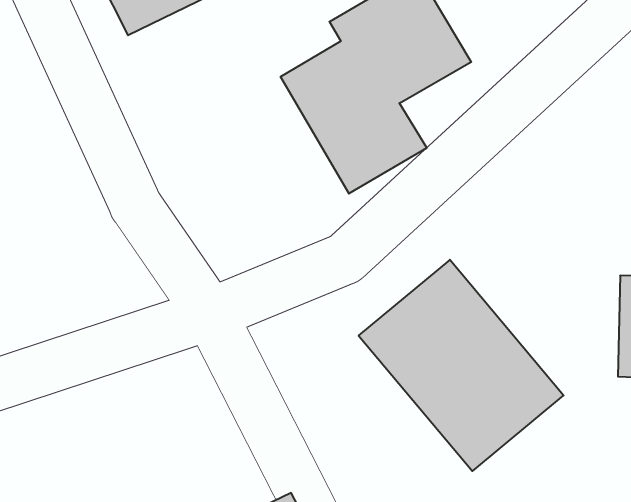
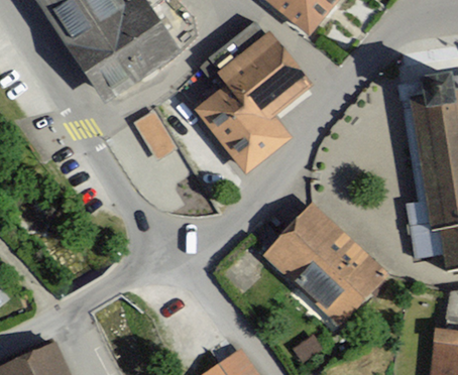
building: none -> [134,108,176,157]

